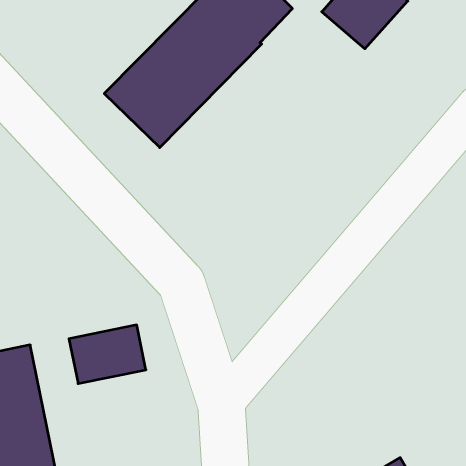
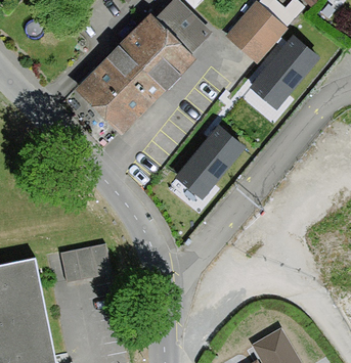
building: none -> [252,37,316,106]
building: none -> [177,127,242,196]

